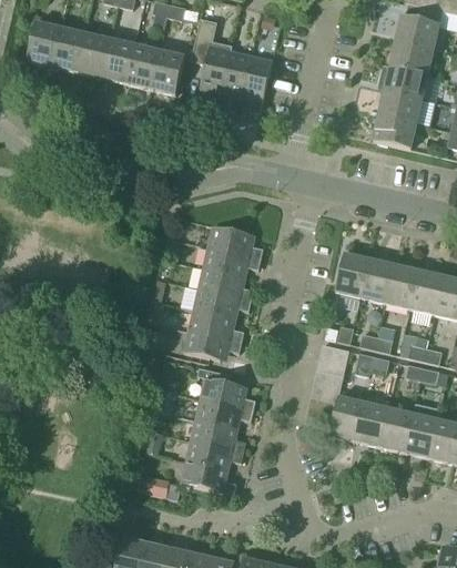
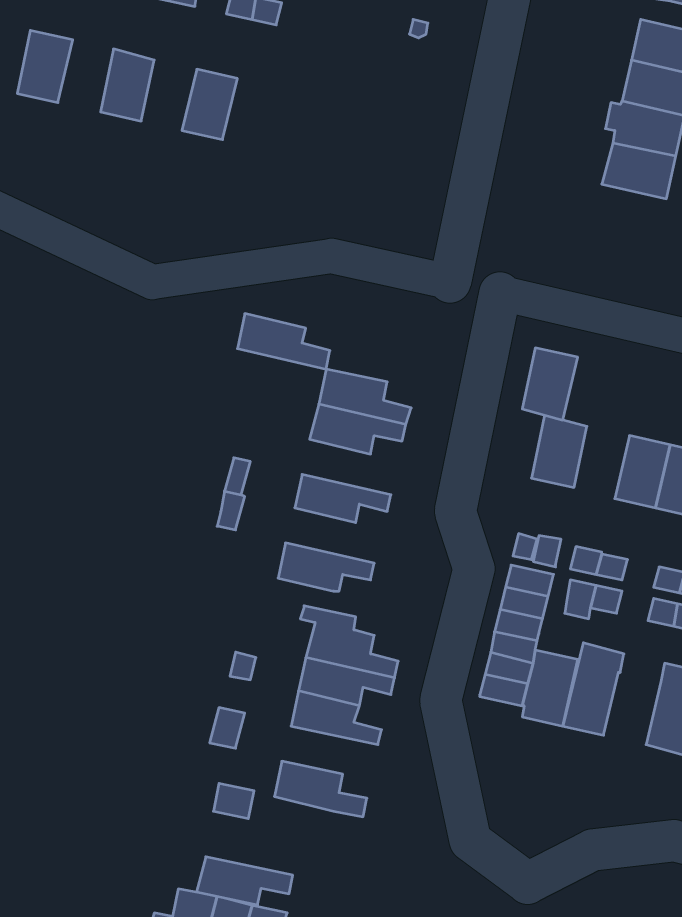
building: [192,18,272,113] -> none
building: [51,28,84,71] -> none
building: [101,40,134,82] -> none
building: [150,51,184,93] -> none
building: [372,114,416,148] -> none
building: [360,260,394,303] -> [522,348,578,420]
building: [197,267,253,301] -> [237,314,330,369]
building: [187,308,244,342] -> none
building: [378,407,413,450] -> none
building: [185,439,243,468] -> [197,857,293,905]

